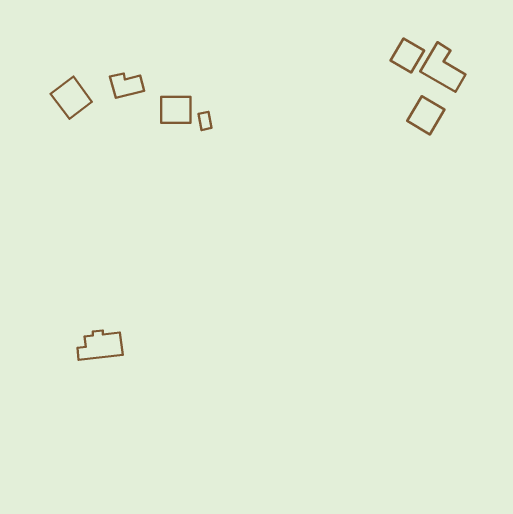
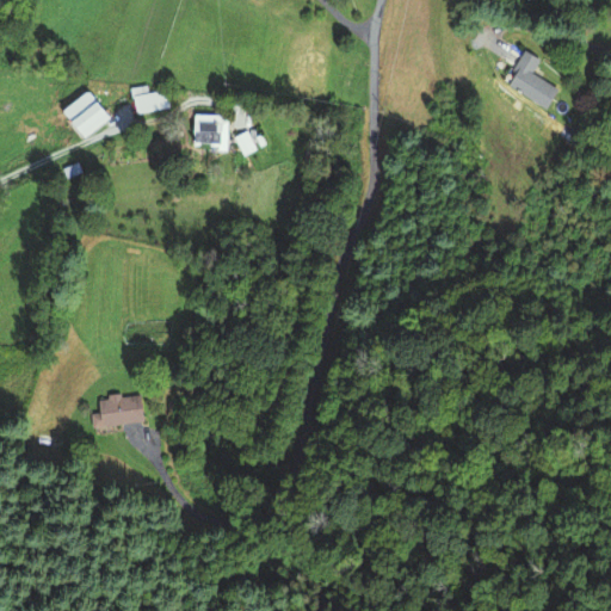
building: [391,39,424,72] -> none
building: [407,96,445,134] -> none

